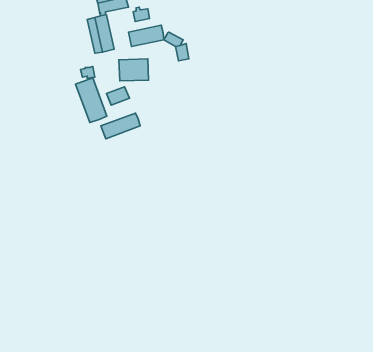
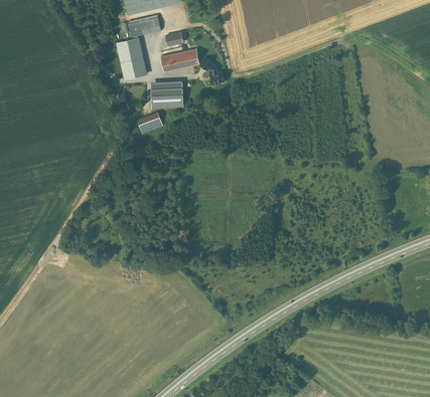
building: [76,78,107,123] -> none
building: [101,113,140,139] -> none

